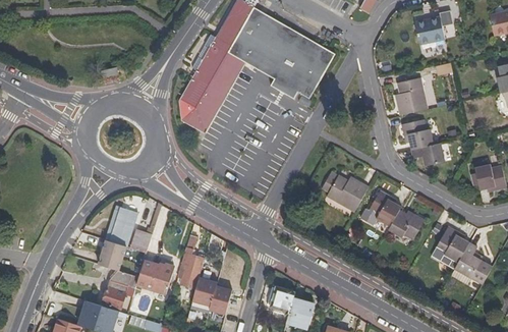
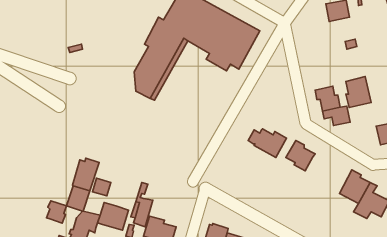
building: [397,77,428,115] -> [346,77,371,108]
building: [388,206,424,234] -> none
building: none -> [46,201,67,223]

